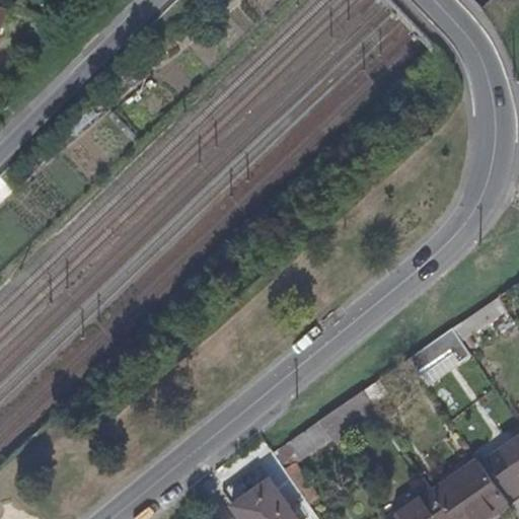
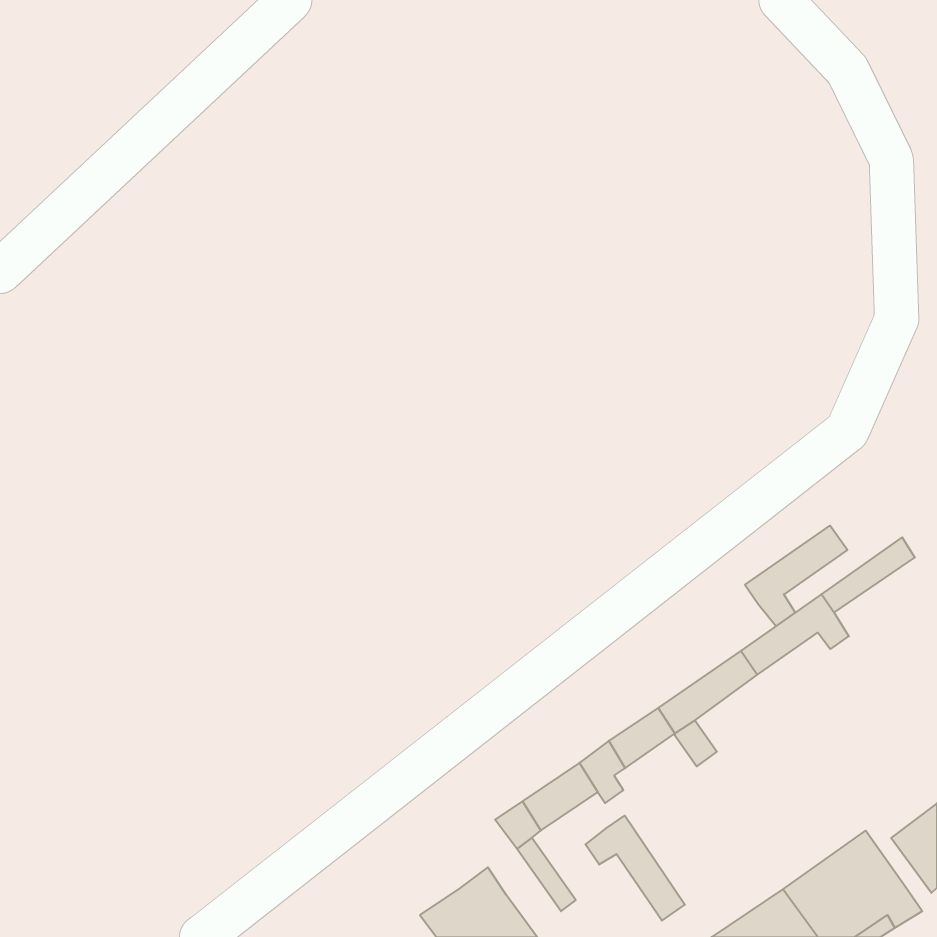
building: none -> [745,526,847,626]
building: none -> [585,816,685,921]

